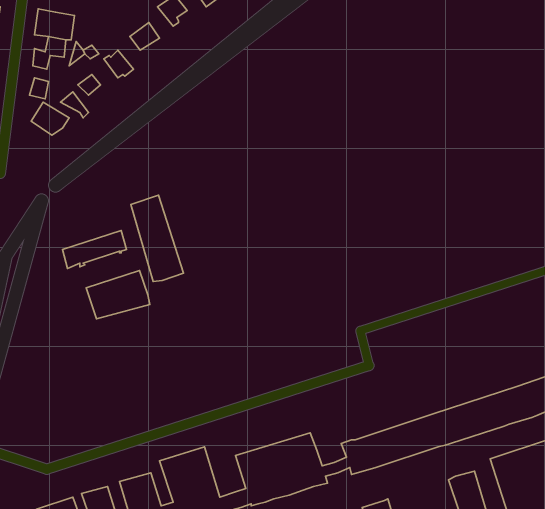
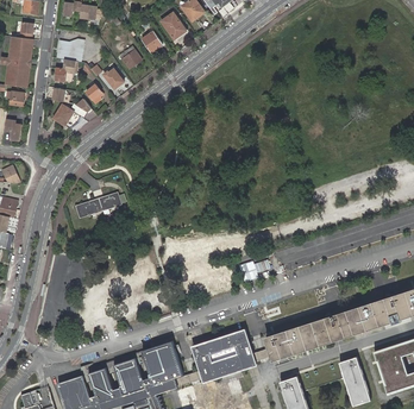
building: [131,195,184,282] -> none
building: [86,270,150,319] -> none

